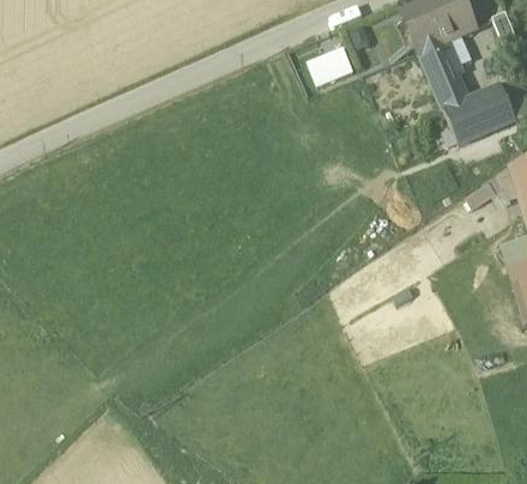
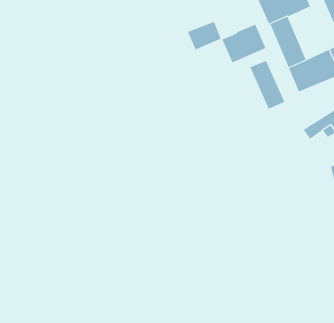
building: none -> [221,24,266,63]
building: none -> [250,60,285,110]

